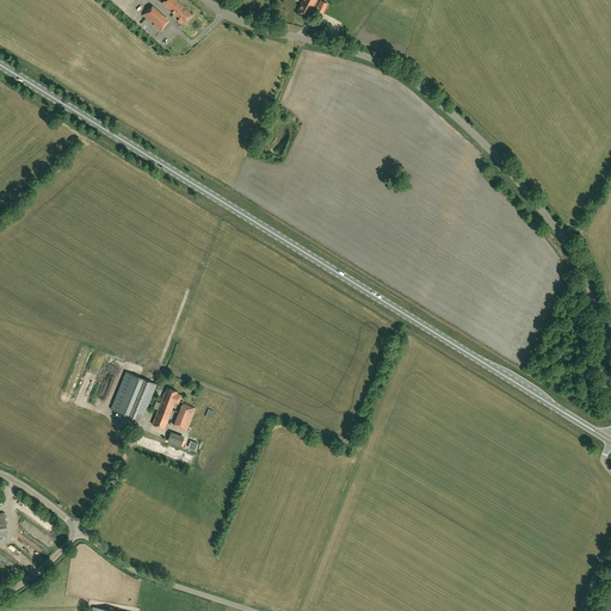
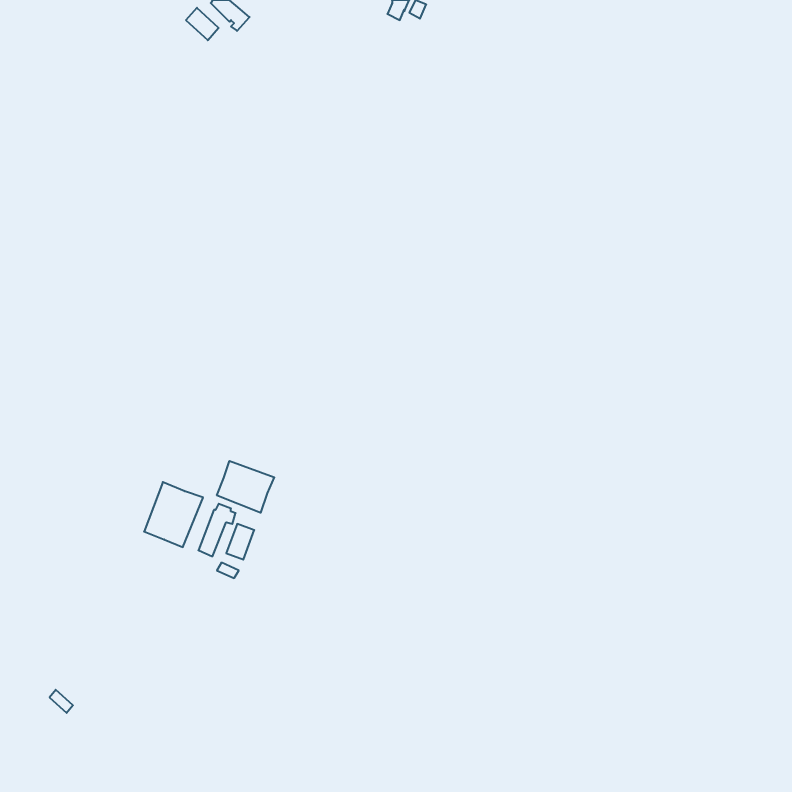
building: none -> [217,461,274,513]

